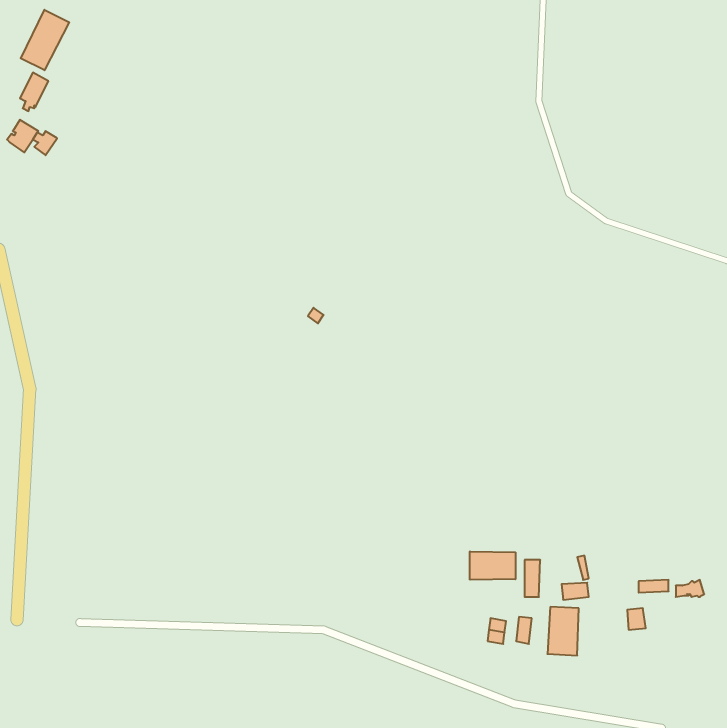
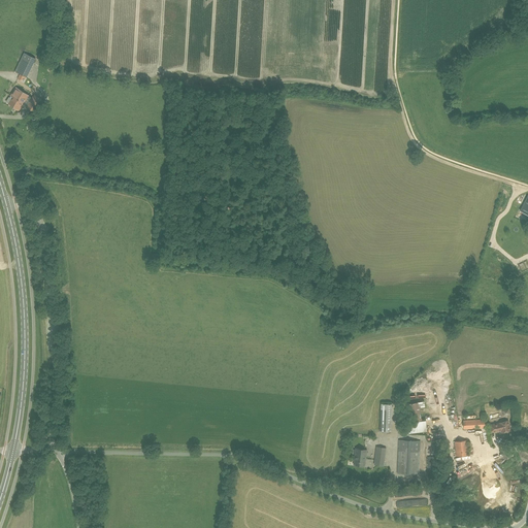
building: [21,10,69,70] -> none
building: [470,551,515,580] -> none

